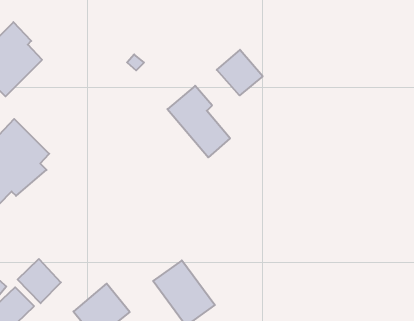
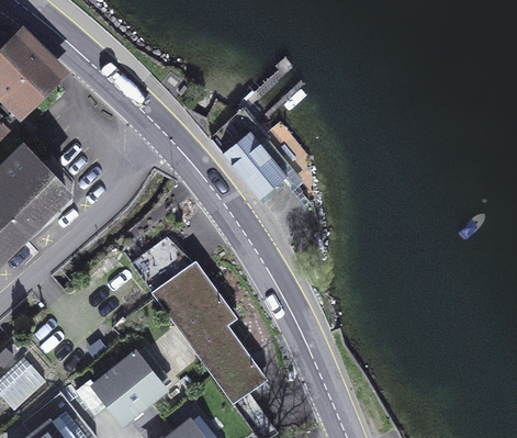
building: [217,50,263,95] -> none
building: none -> [132,239,238,349]
building: [18,259,61,303] -> none

